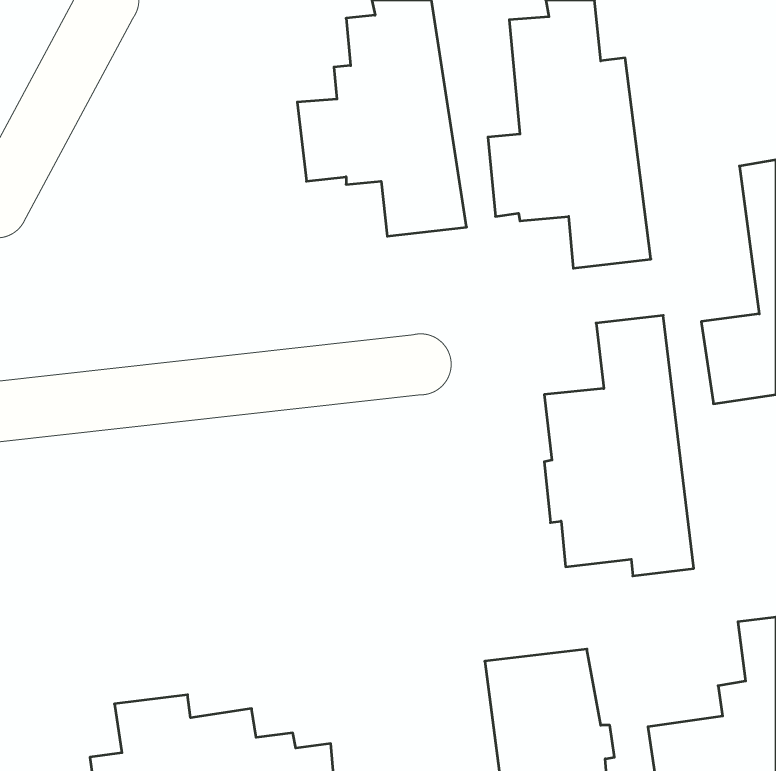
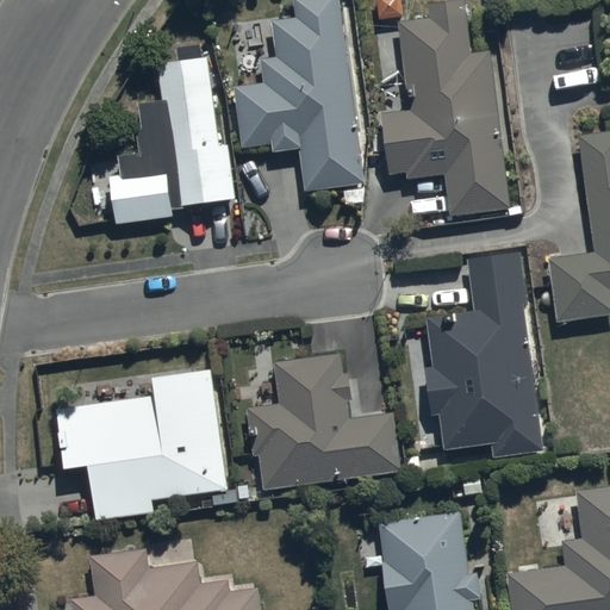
building: none -> [111,43,234,224]
building: none -> [248,353,400,491]
building: none -> [56,365,230,522]

